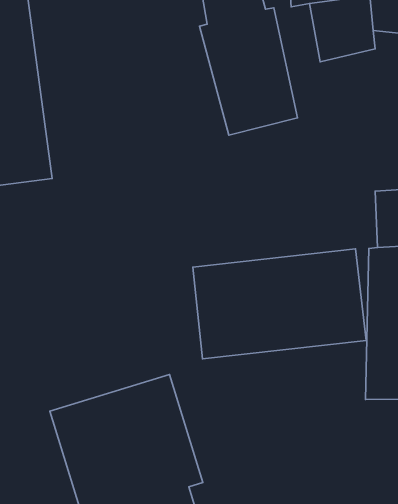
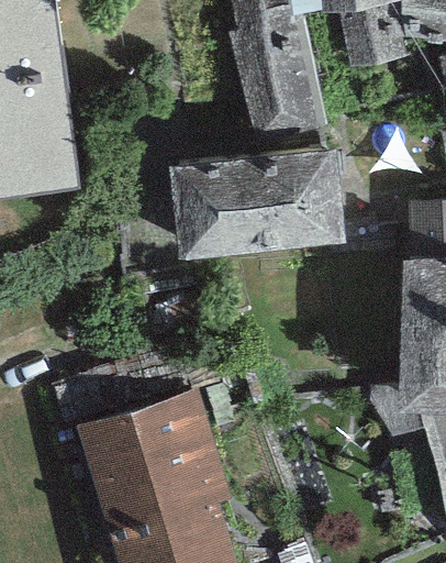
building: [193,249,366,359] -> [170,150,347,262]

